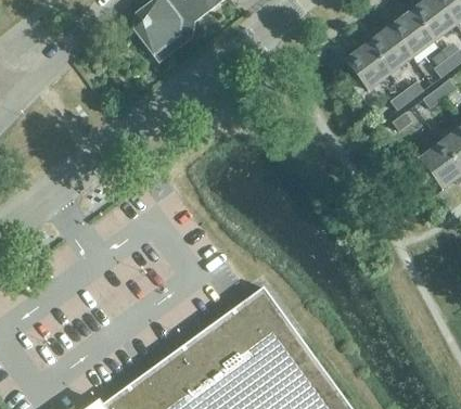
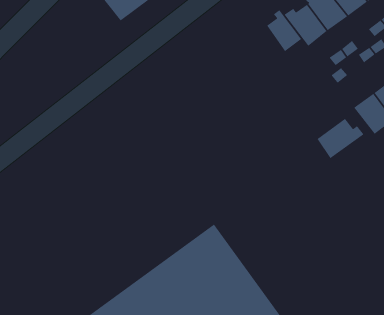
building: none -> [266,9,302,52]
building: none -> [316,118,364,159]

